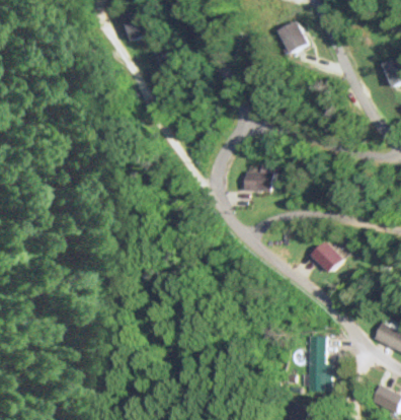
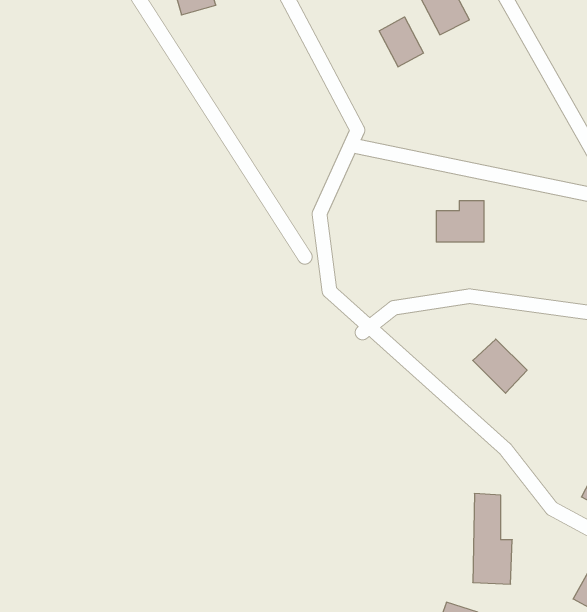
building: none -> [379,17,423,67]
building: [243,166,272,192] -> [436,201,484,242]

